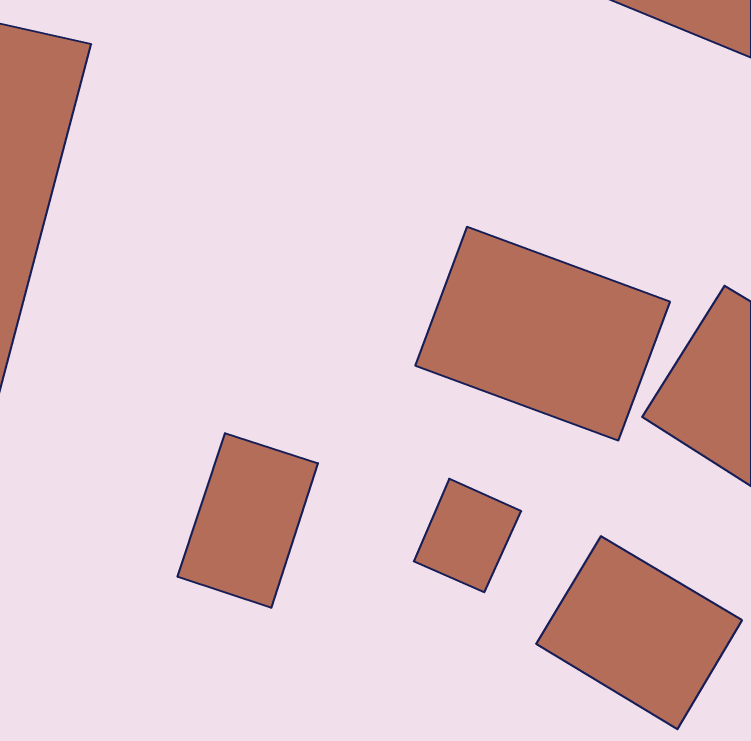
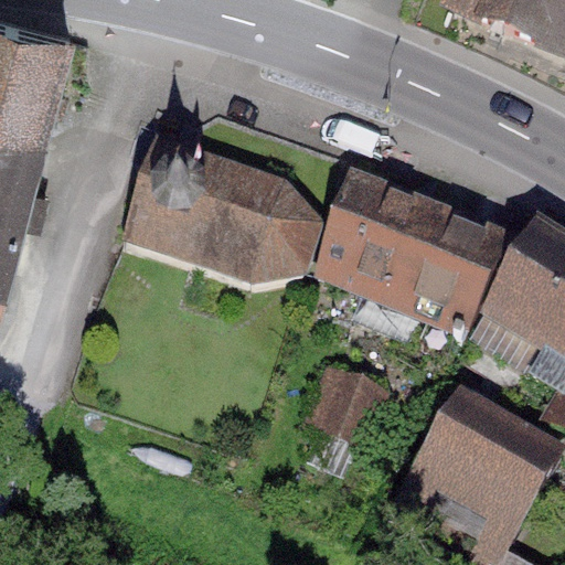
building: none -> [126,145,321,284]
building: [178,433,318,608] -> none

